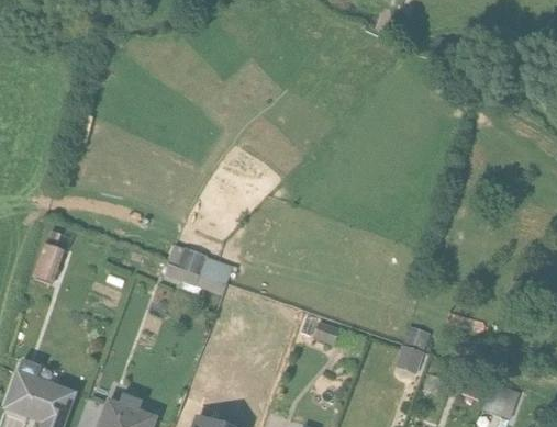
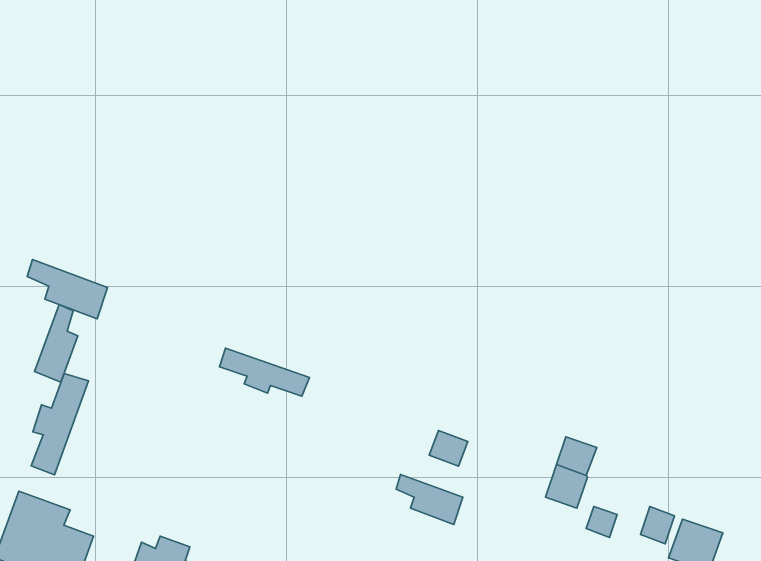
building: none -> [27,259,108,319]
building: [167,244,233,281] -> none
building: none -> [31,373,89,475]
building: none -> [396,474,463,524]

